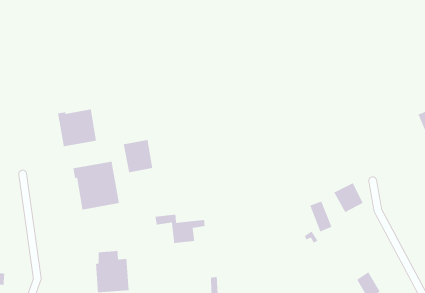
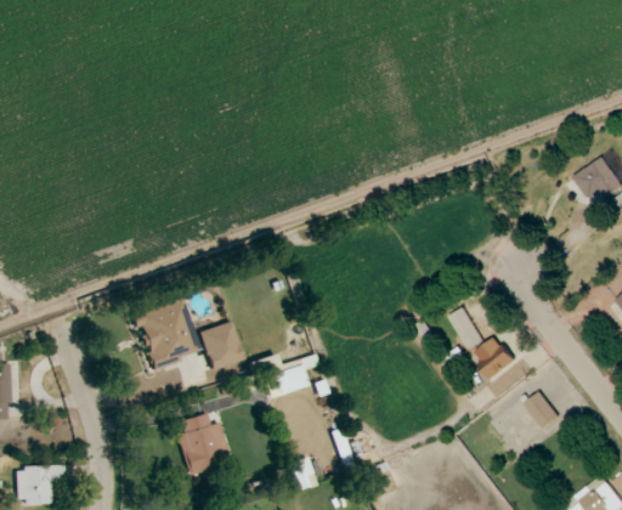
building: [57,108,97,147] -> none
building: [123,139,153,173] -> [198,321,243,369]
building: [333,182,364,213] -> [475,336,518,379]

